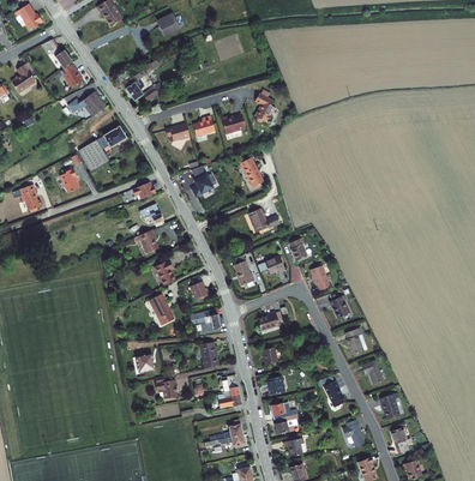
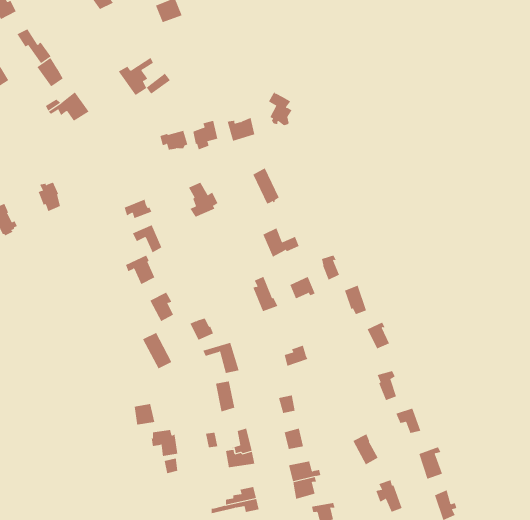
building: [77,128,125,169] -> none

